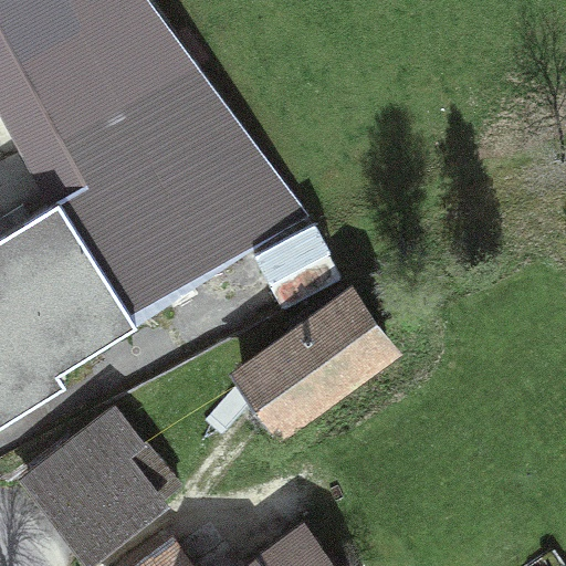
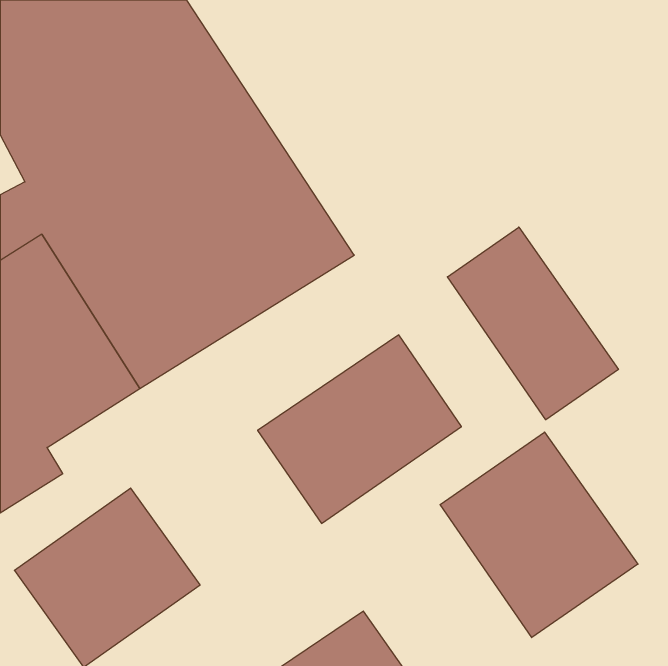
building: none -> [447,227,618,420]
building: none -> [440,432,638,638]

